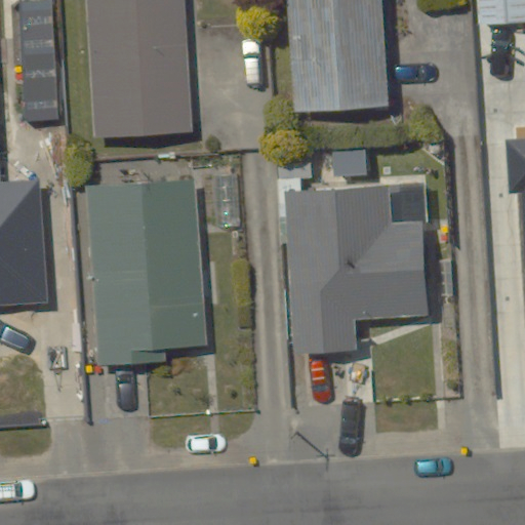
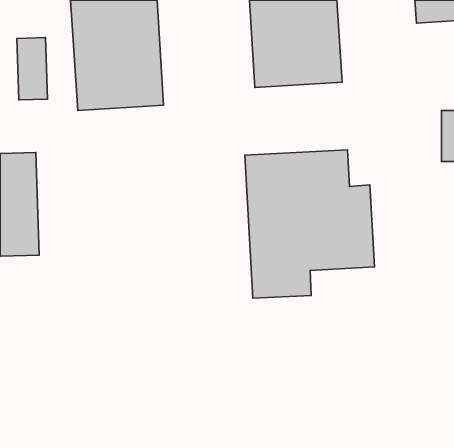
building: [87,179,199,362] -> none

